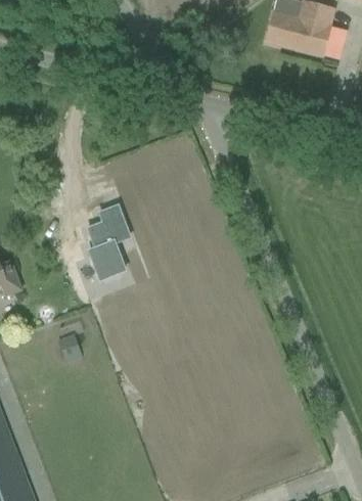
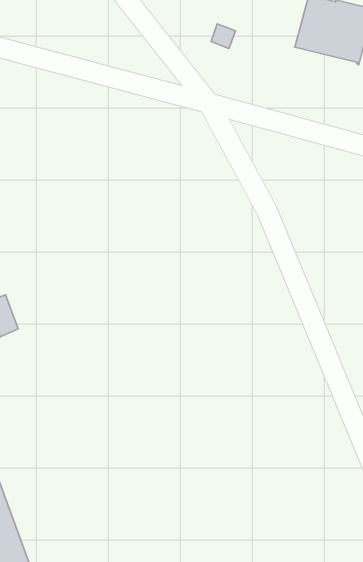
building: [89,206,130,280] -> none

